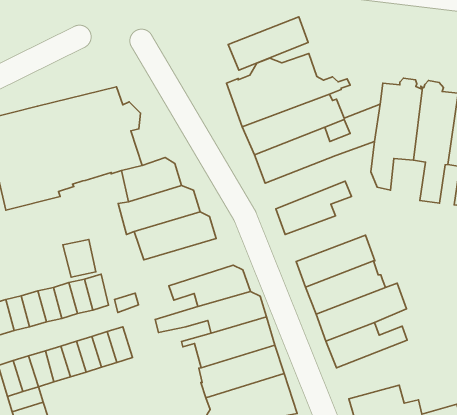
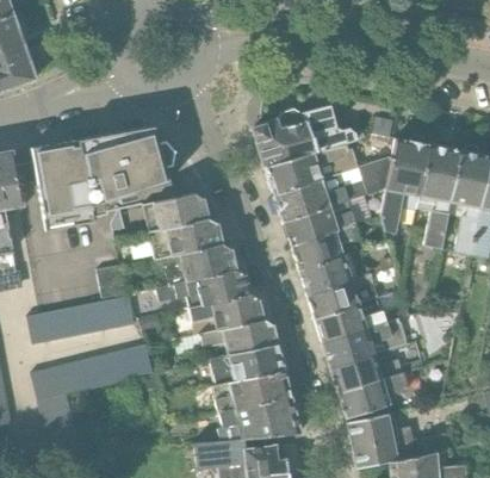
building: [228,17,308,70] -> [284,200,356,246]
building: none -> [299,248,396,294]
building: none -> [157,269,250,310]
building: none -> [339,372,409,418]

